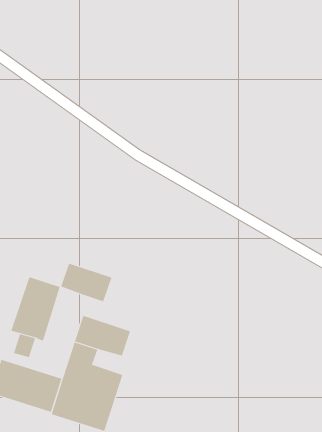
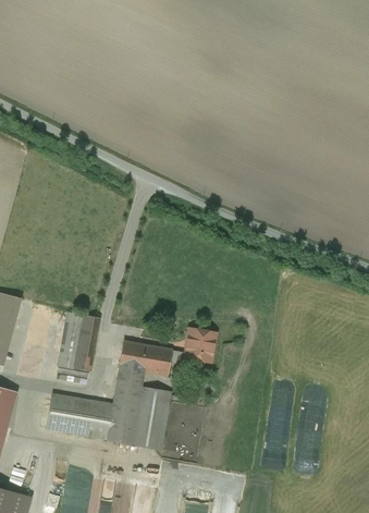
building: [61,263,112,302] -> none
building: none -> [170,328,216,366]

